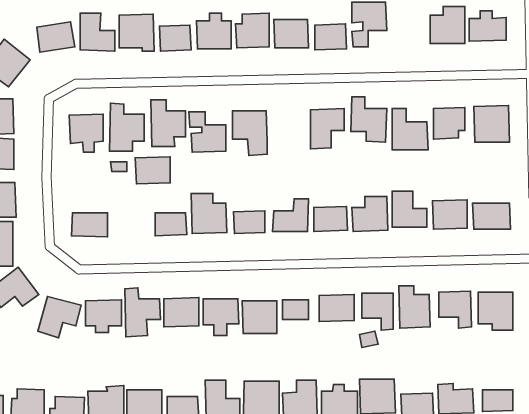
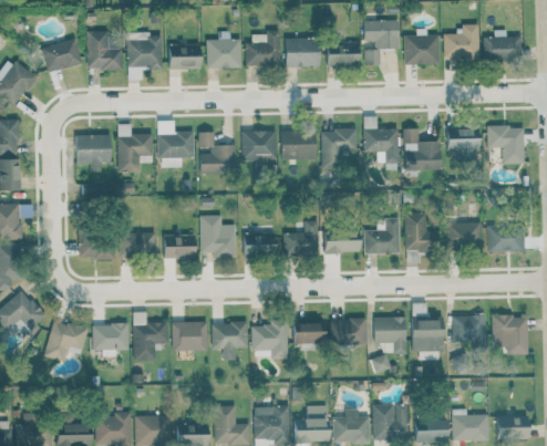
building: none -> [403,28,438,63]
building: none -> [280,131,316,159]
building: [135,157,170,184] -> [120,231,155,259]

